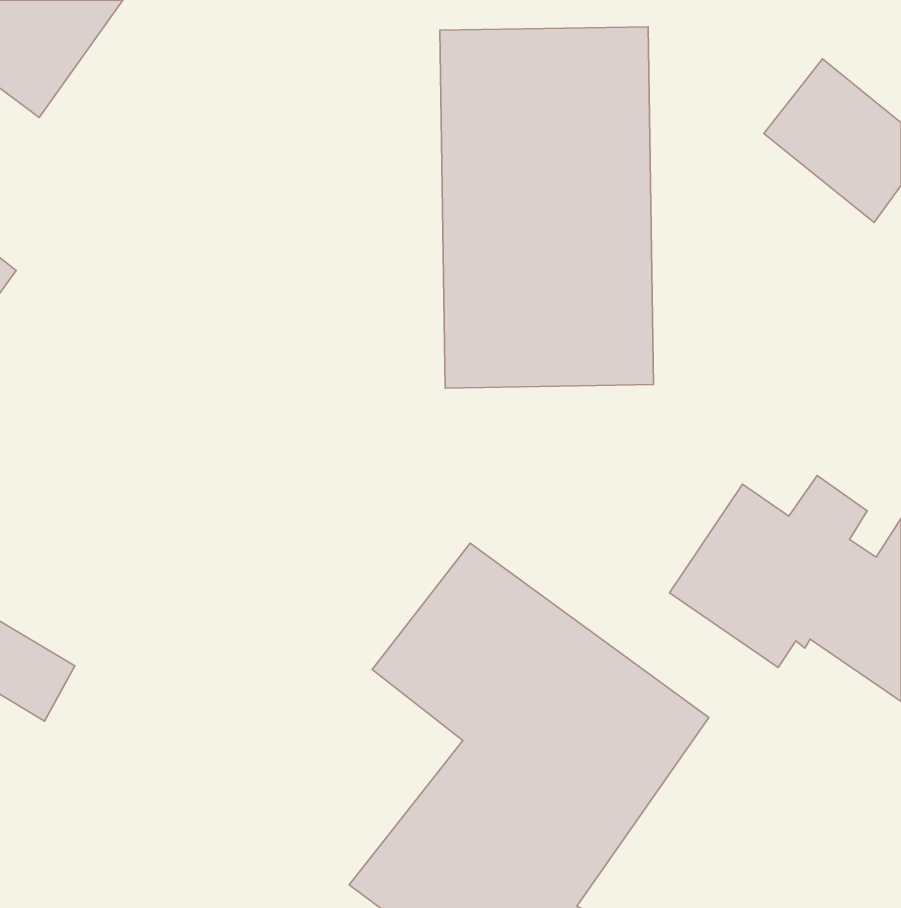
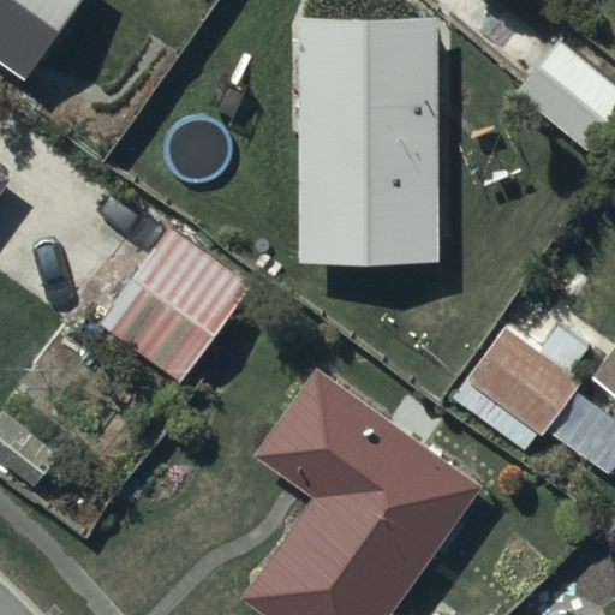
building: none -> [100,217,249,383]

